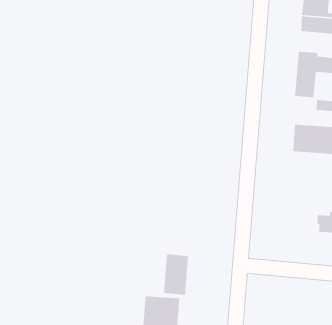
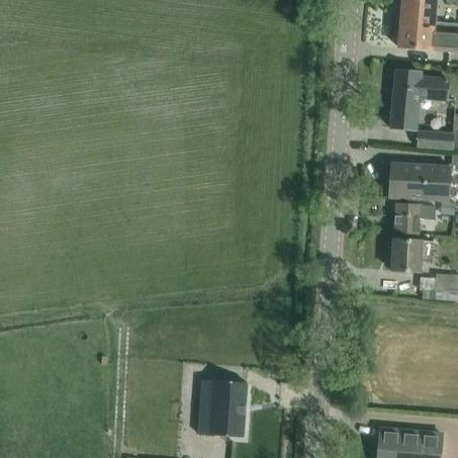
building: none -> [394,202,434,233]
building: none -> [389,239,432,271]
building: [163,254,189,295] -> none

